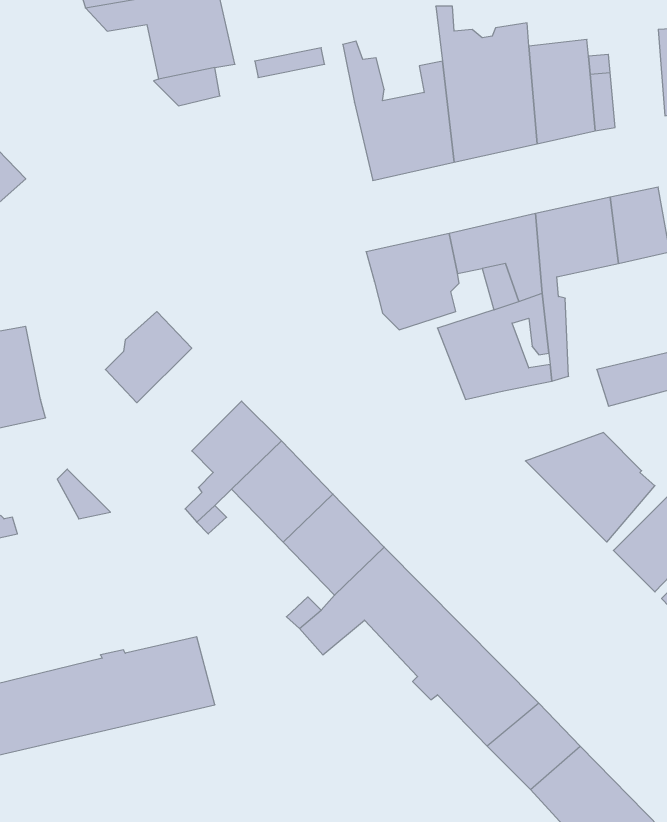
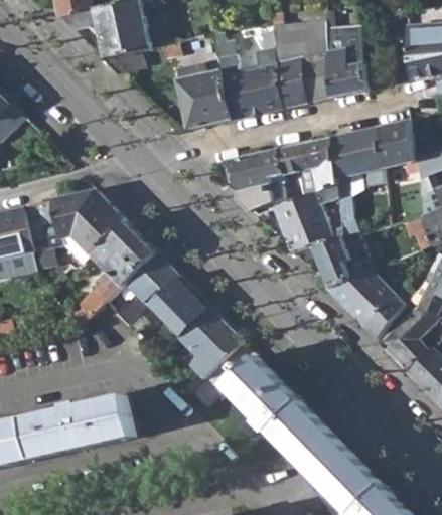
building: none -> [172,63,232,128]
building: none -> [21,190,101,250]
building: none -> [76,219,152,314]
building: none -> [310,236,385,287]

